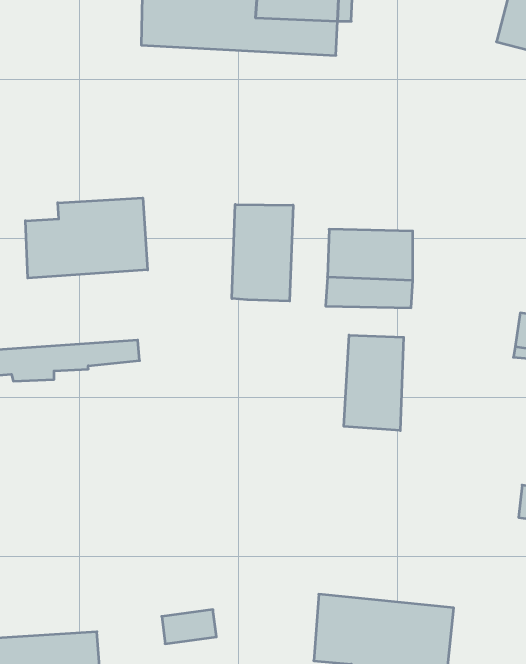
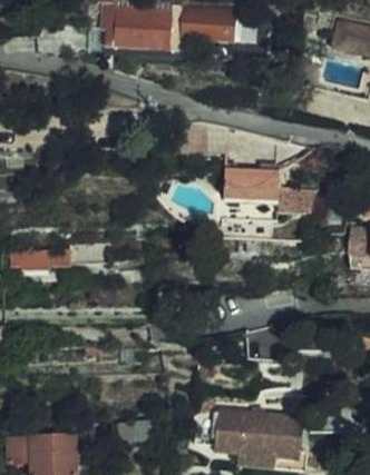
building: [25,198,148,278] -> none
building: [232,204,293,301] -> none
building: [344,335,404,431] -> none

